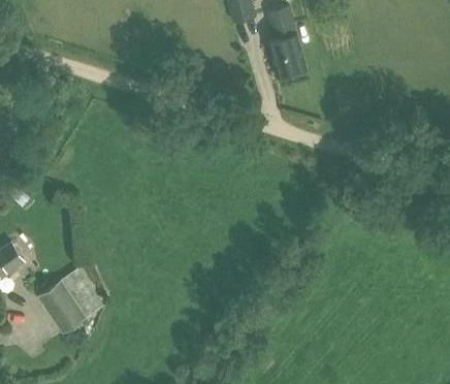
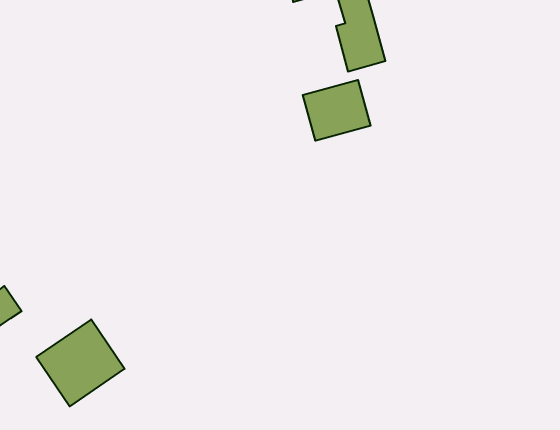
building: none -> [303,80,371,141]

